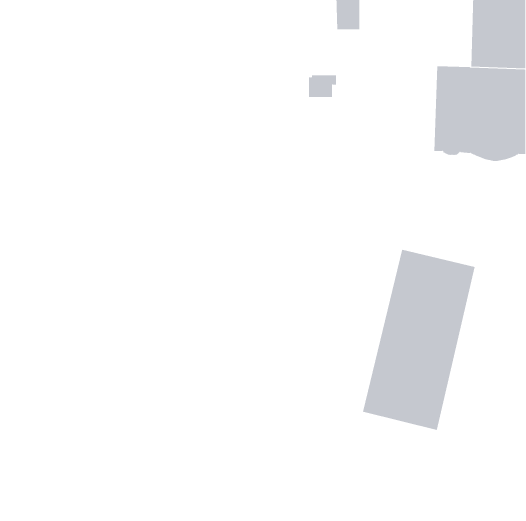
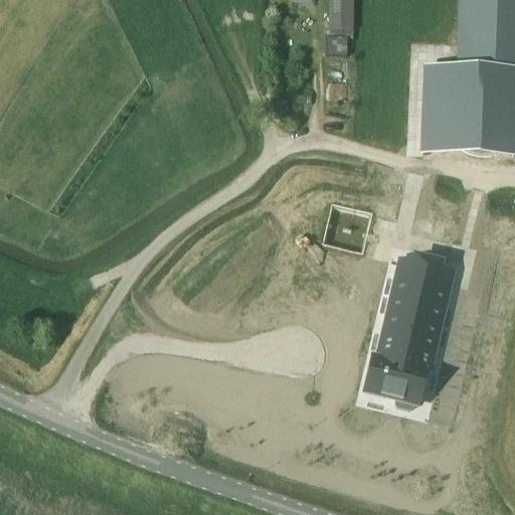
building: [308,75,337,97] -> [325,29,353,51]
building: none -> [323,201,372,251]

